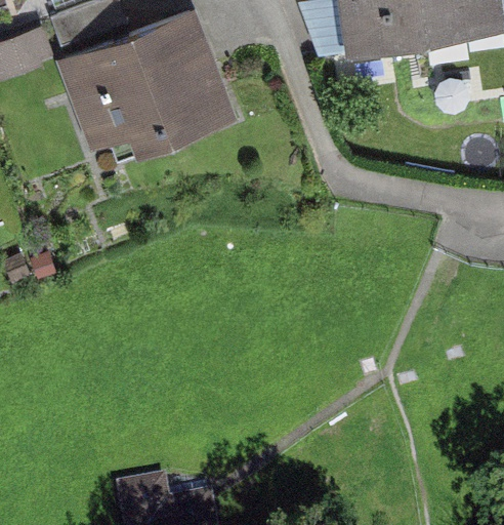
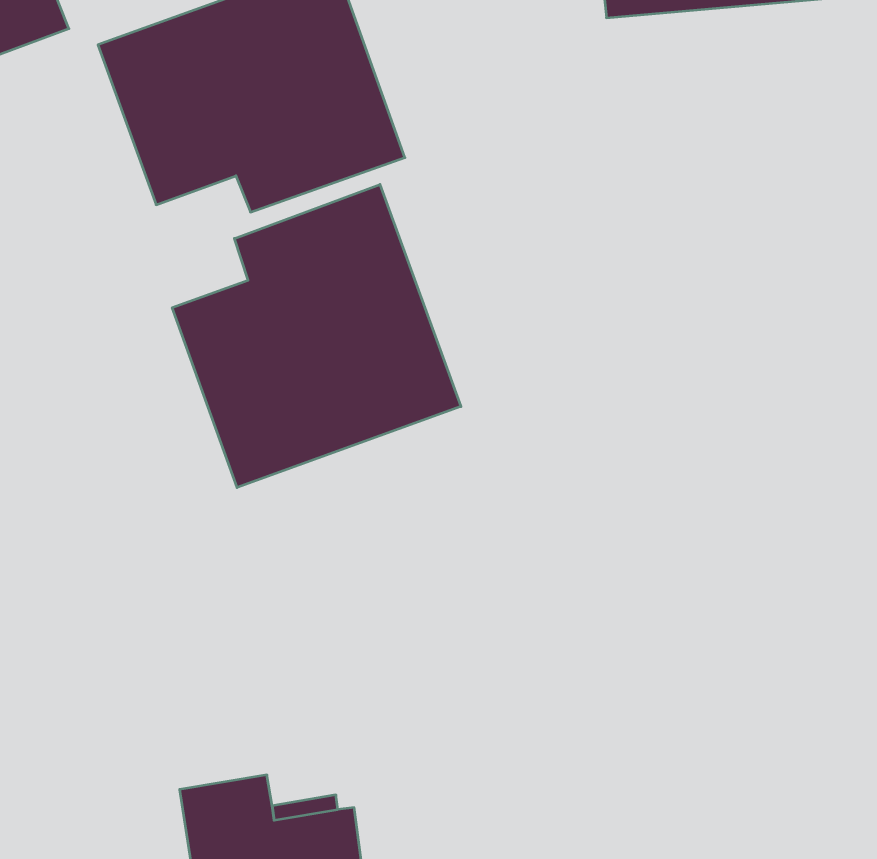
building: none -> [172,184,461,488]

